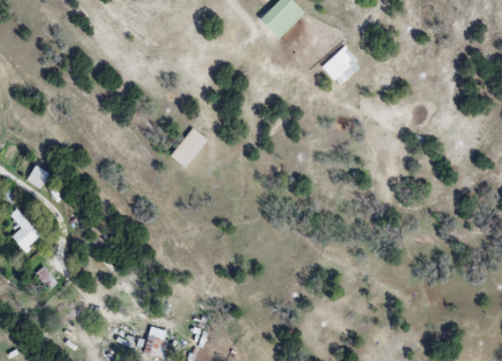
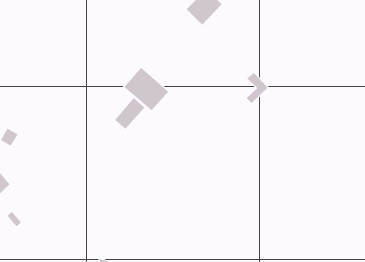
building: [334,45,362,84] -> [246,72,269,104]
building: none -> [124,67,169,111]

